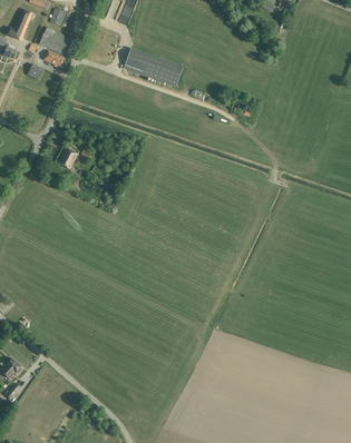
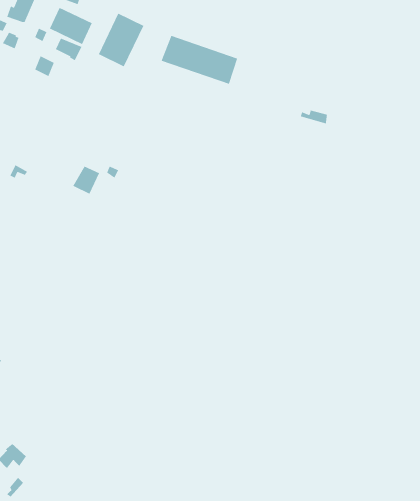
building: none -> [98,13,144,67]

